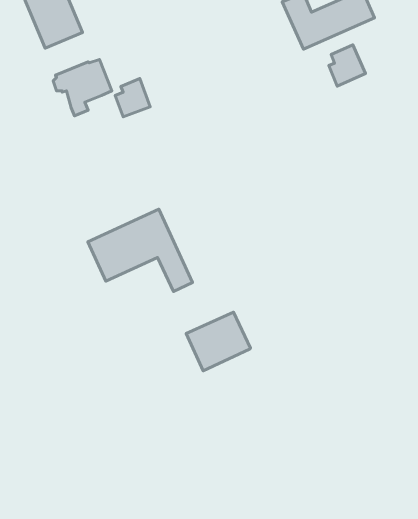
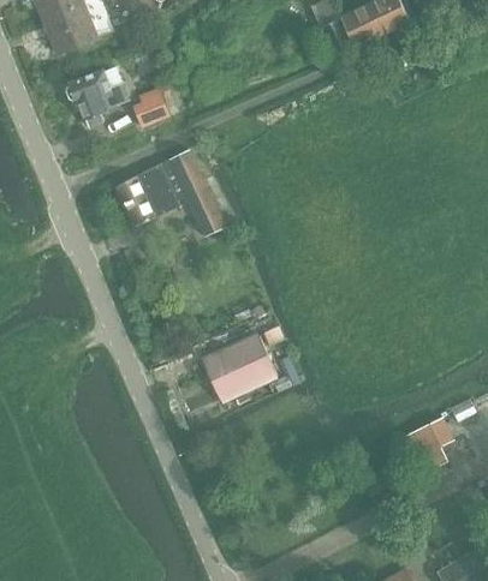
building: [329,45,365,86] -> none
building: [88,209,193,291] -> [114,149,226,236]
building: none -> [406,417,450,469]

